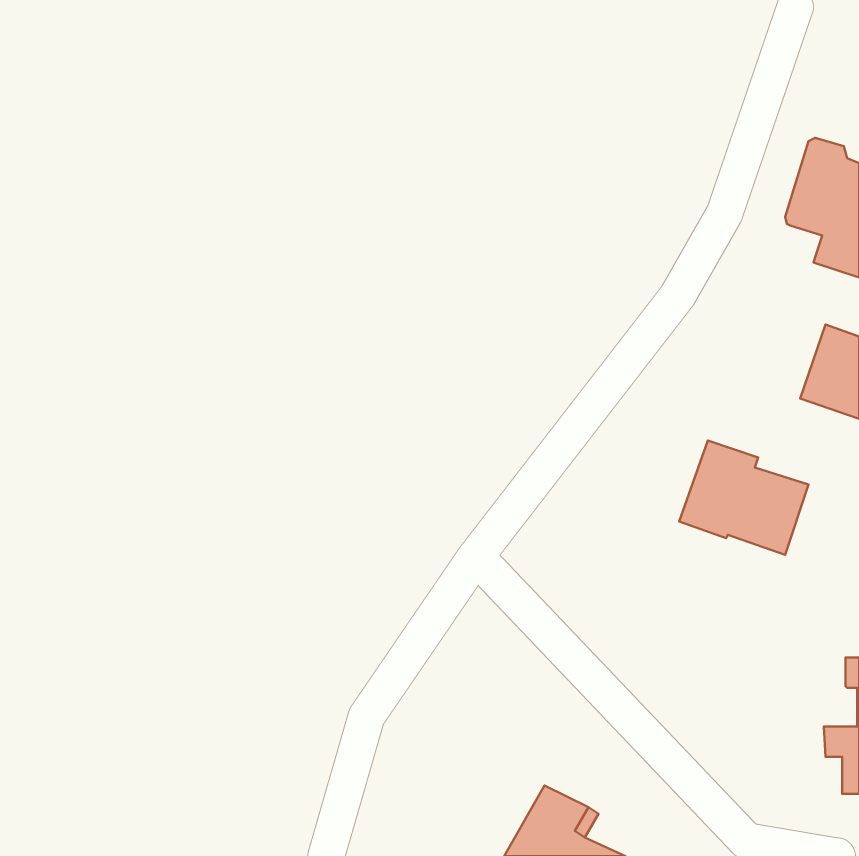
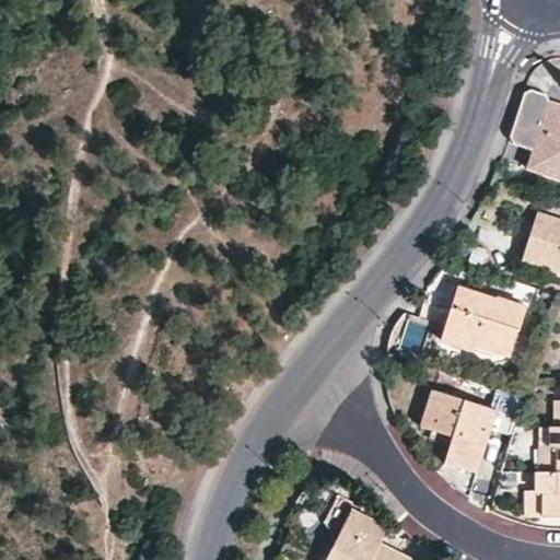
building: none -> [422,390,499,472]

